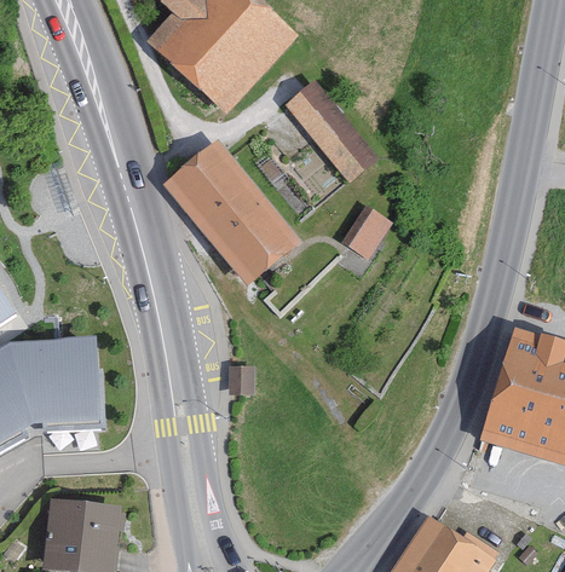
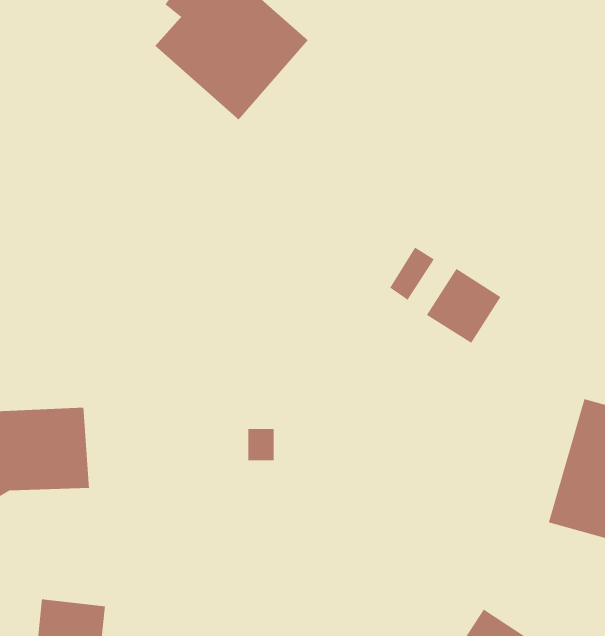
building: [281,75,373,174] -> none
building: [165,139,300,284] -> none
building: none -> [426,268,502,344]

